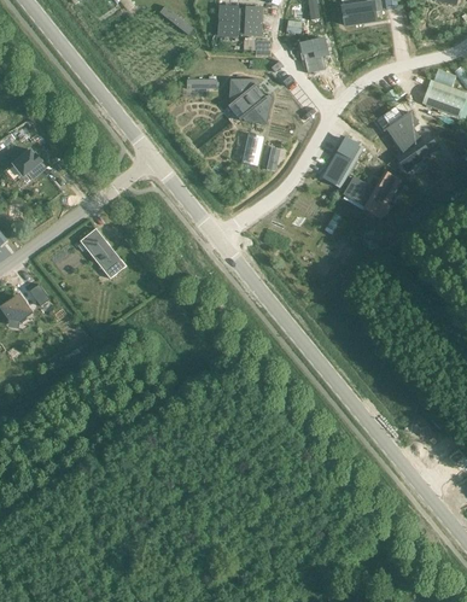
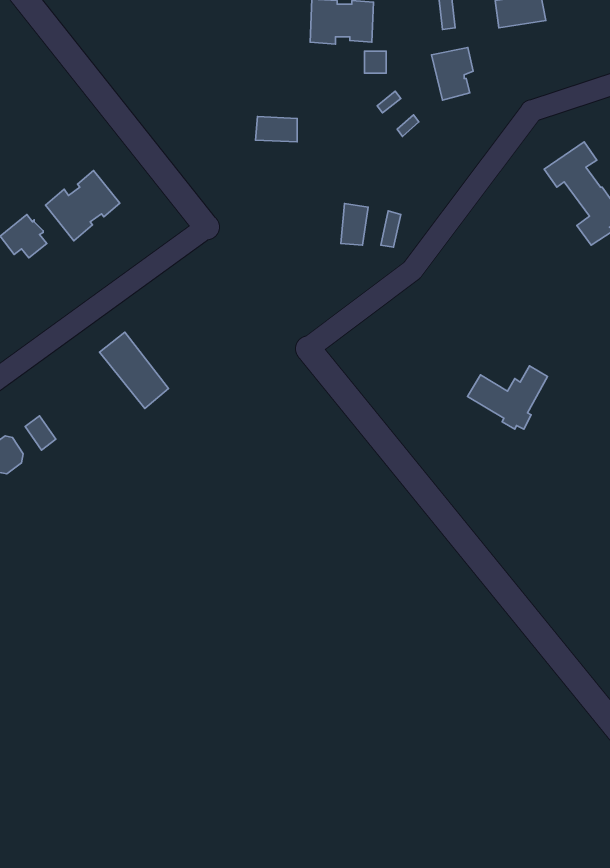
building: [226,86,269,130] -> none
building: none -> [45,170,120,241]
building: [323,138,360,185] -> none
building: [345,171,398,214] -> [468,366,547,429]

